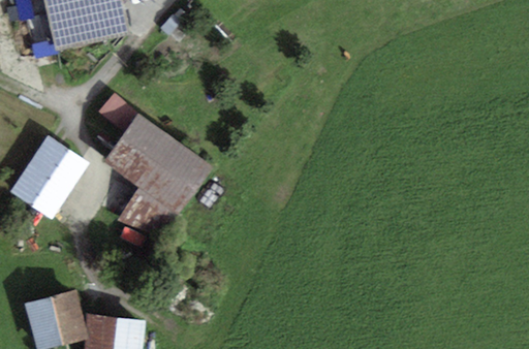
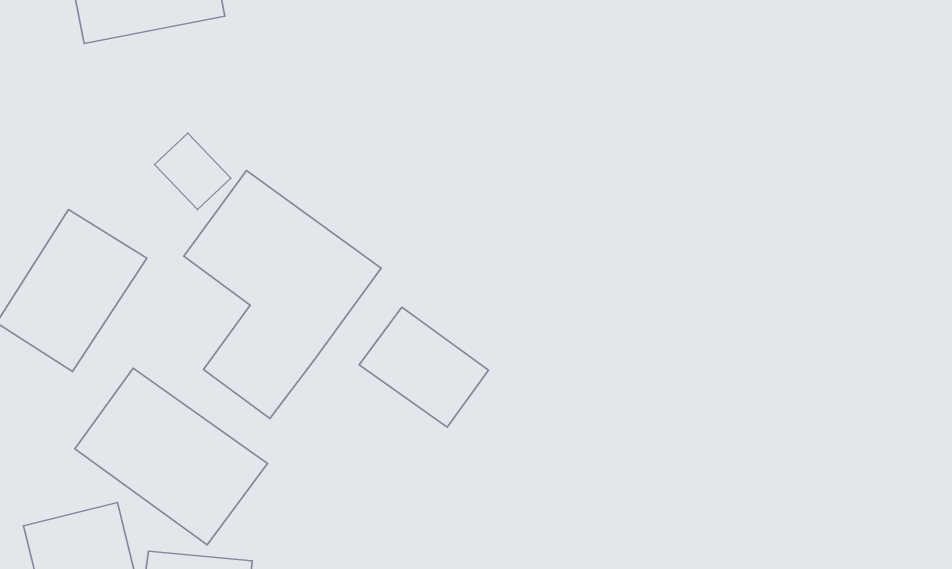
building: none -> [359,307,489,427]
building: none -> [75,368,267,545]

